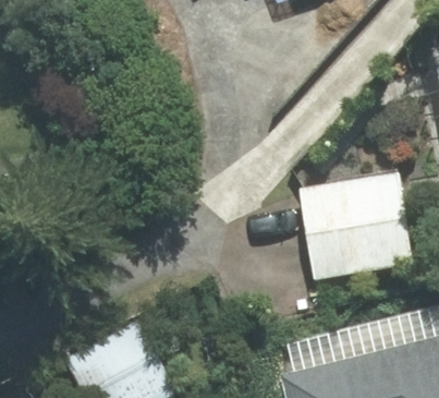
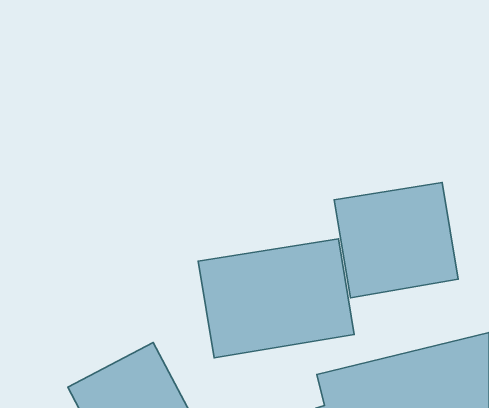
building: none -> [198,239,354,358]

